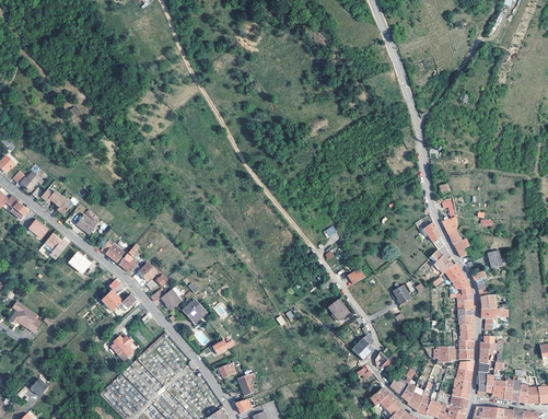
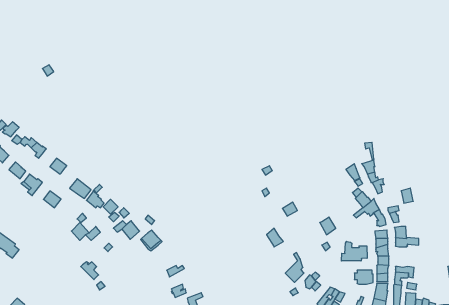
building: none -> [341,241,367,261]

